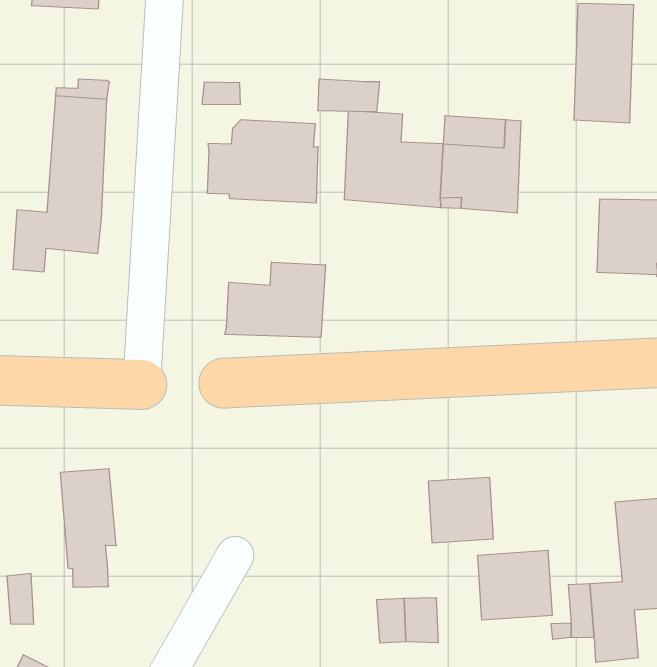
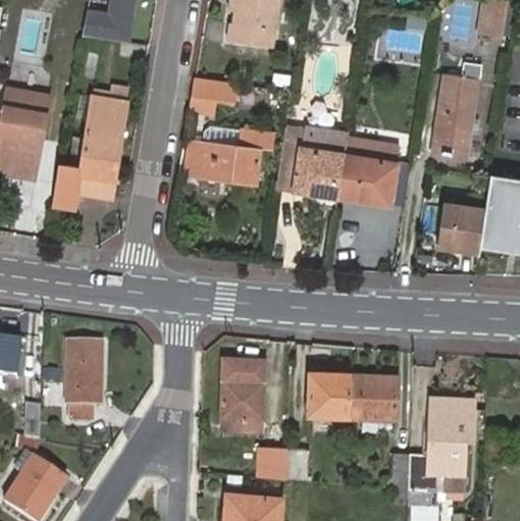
building: [318,79,380,112] -> [193,75,236,101]
building: [225,262,325,337] -> none
building: none -> [222,361,265,421]
building: [478,551,552,620] -> [350,377,399,422]

